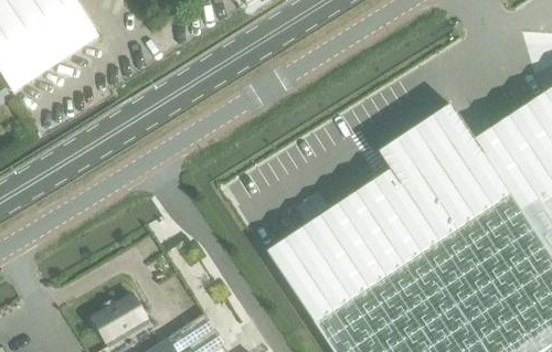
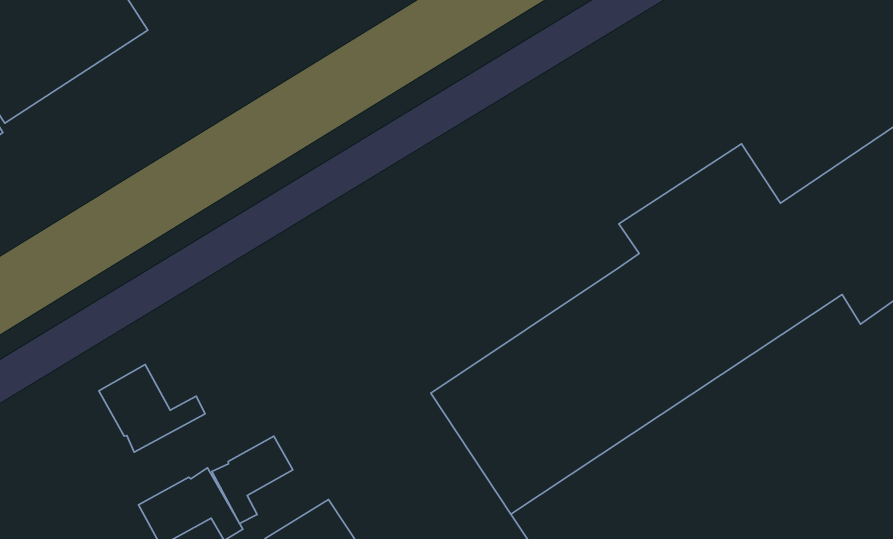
building: none -> [99,365,205,452]
building: none -> [212,436,293,524]

